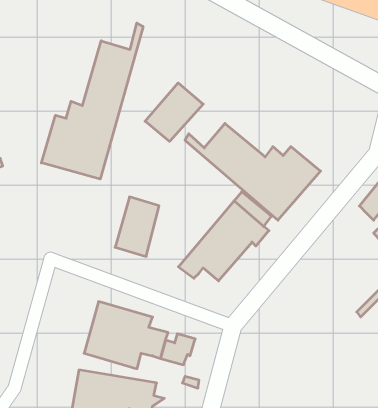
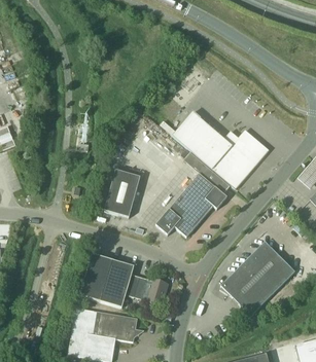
building: [41,23,143,179] -> none
building: [145,83,203,141] -> none
building: none -> [220,241,294,315]

